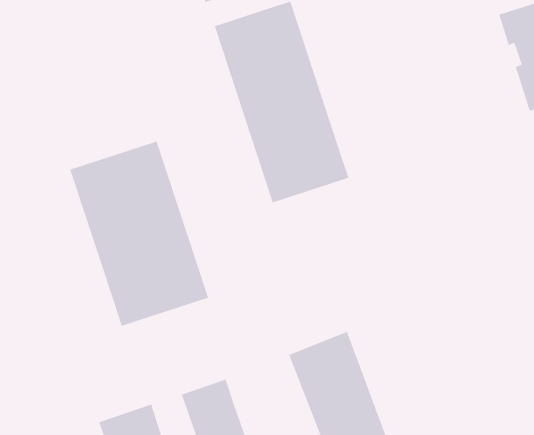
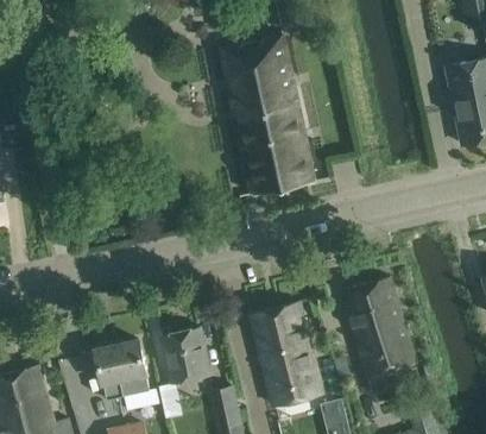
building: [69,140,209,327] -> none
building: none -> [343,277,414,376]

